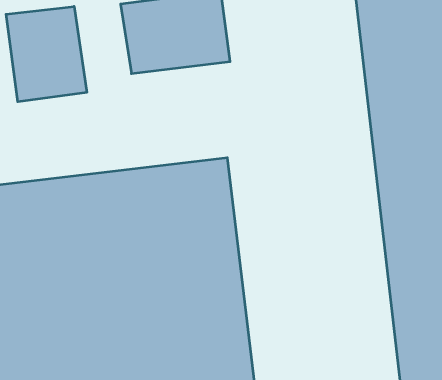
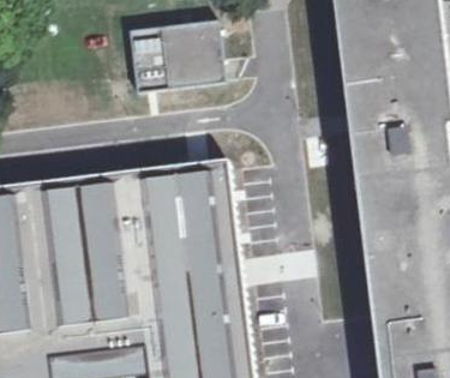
building: [6,6,87,102] -> none

